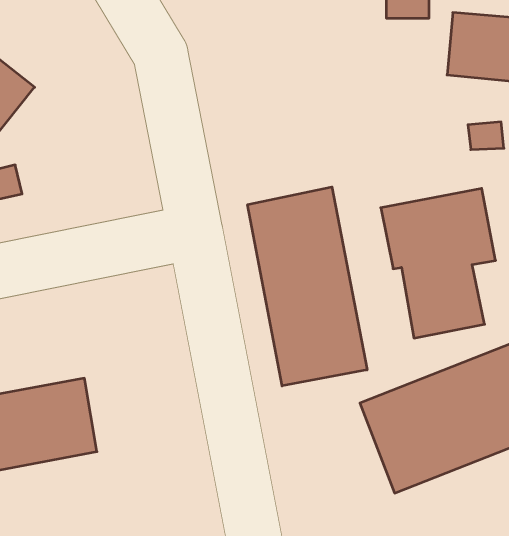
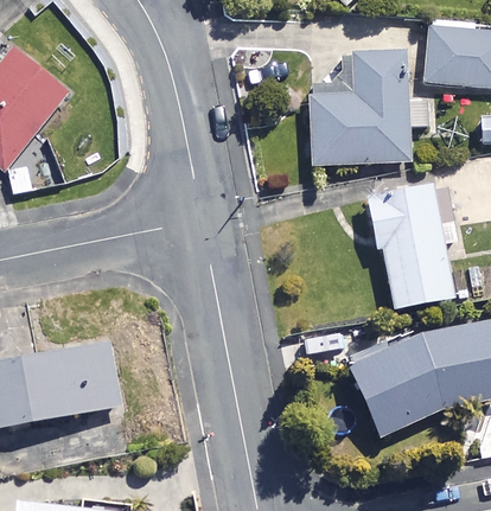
building: none -> [310,52,431,166]
building: [248,187,367,386] -> none

